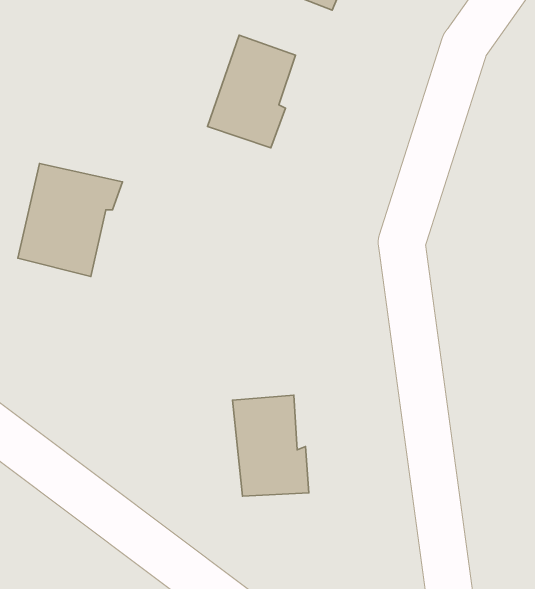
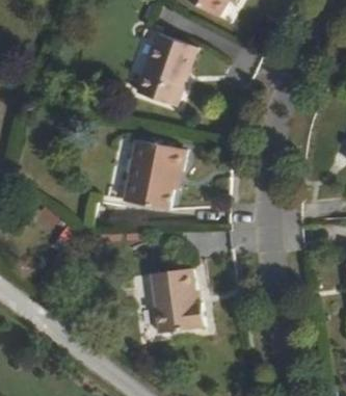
building: [18,164,122,276] -> [126,138,191,209]

